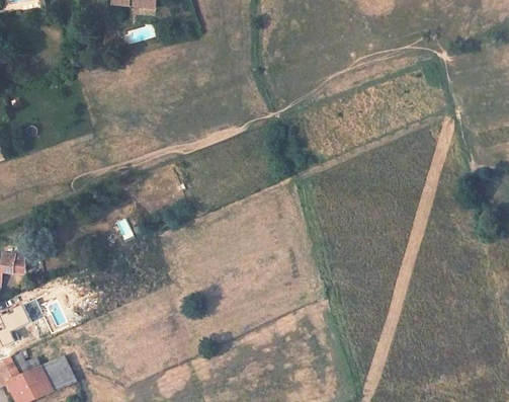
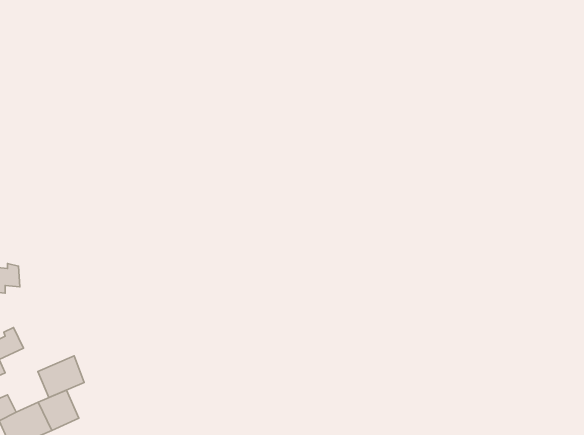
building: none -> [38,356,84,397]

